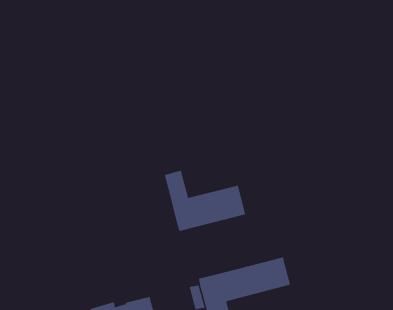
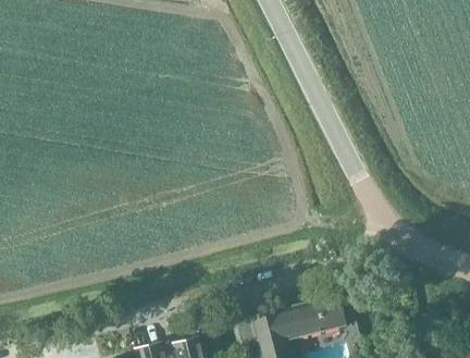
building: [164,170,246,232] -> none

